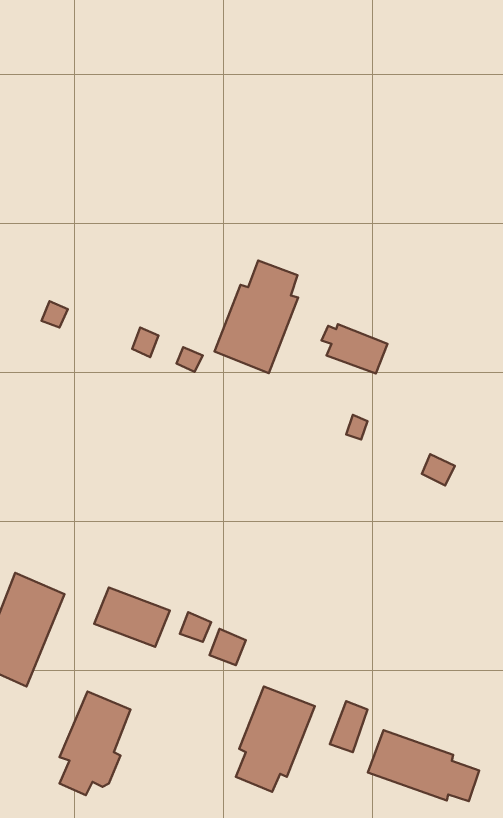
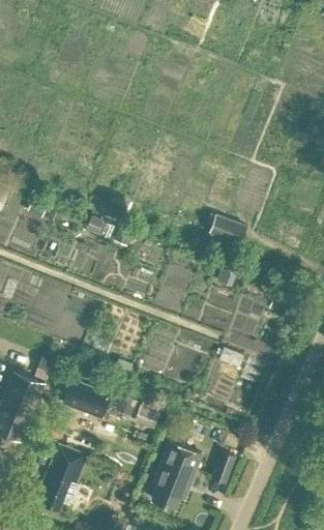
building: [215,261,298,373] -> none
building: [368,730,479,801] -> none

